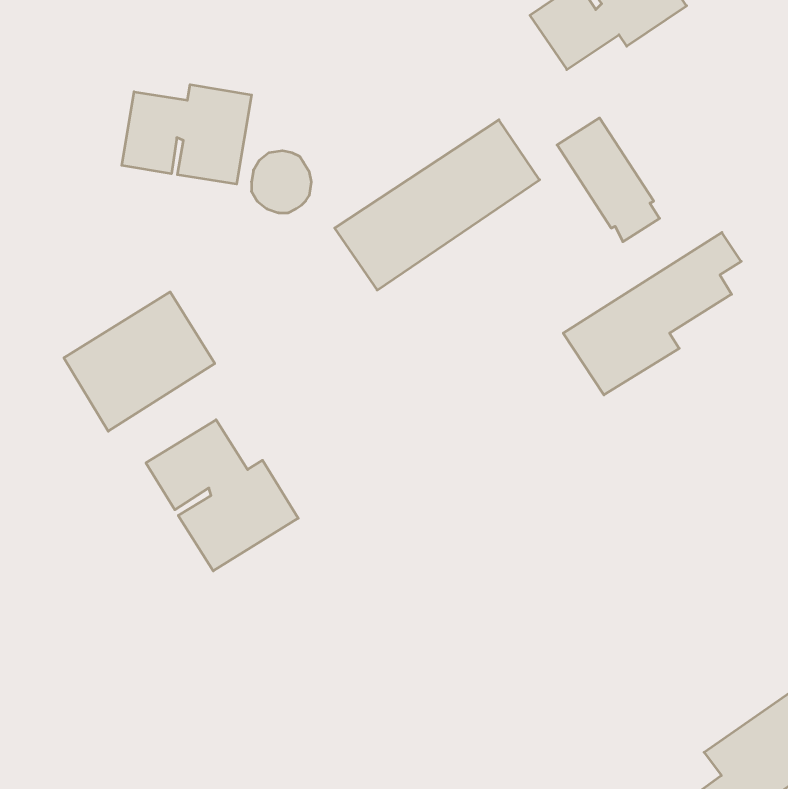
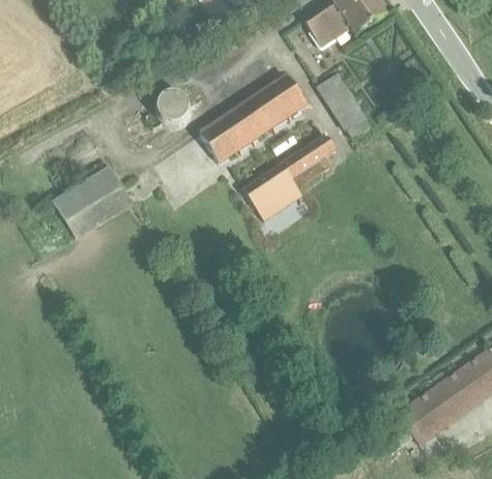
building: [122,85,252,184] -> none
building: [563,232,741,395] -> [242,131,338,218]
building: [146,420,298,571] -> none

